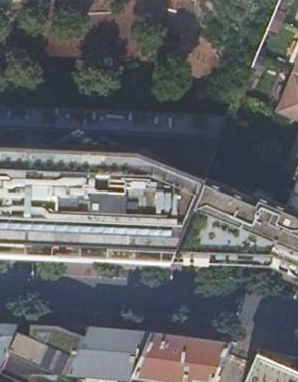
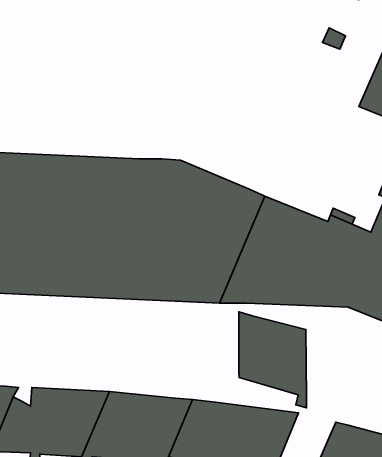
building: none -> [239,312,307,408]

